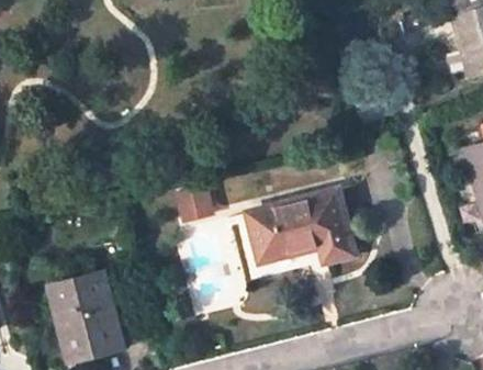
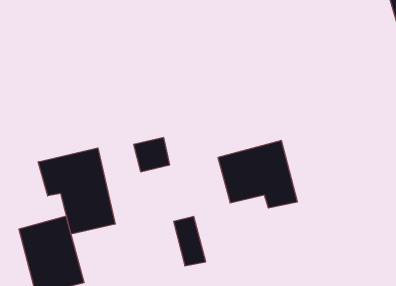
building: none -> [38,148,115,234]
building: [246,209,281,262] -> [174,216,206,266]

